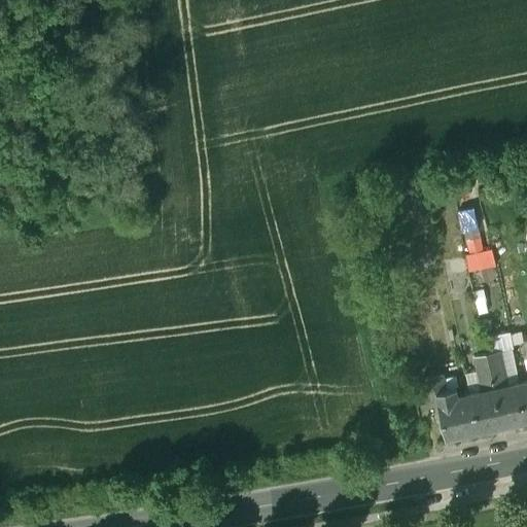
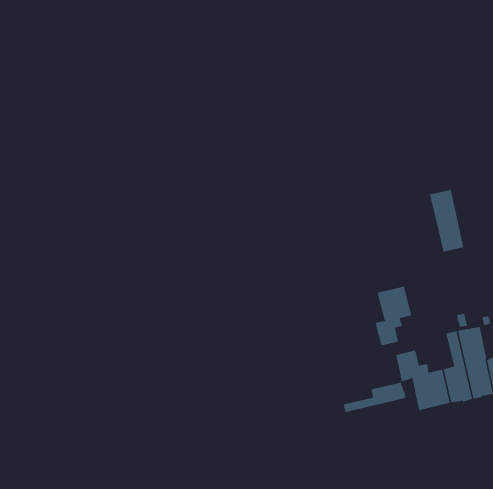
building: none -> [375,286,412,346]
building: none -> [343,382,406,413]

